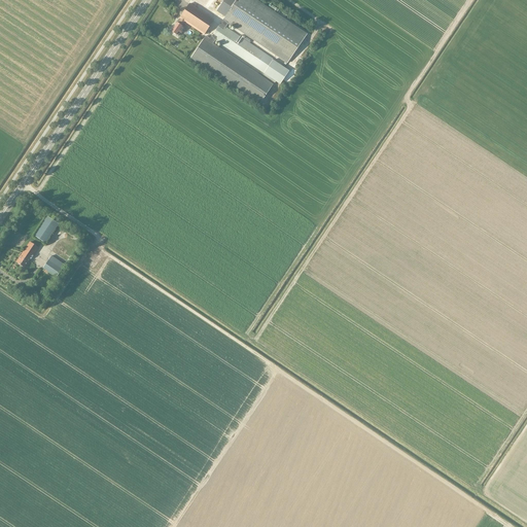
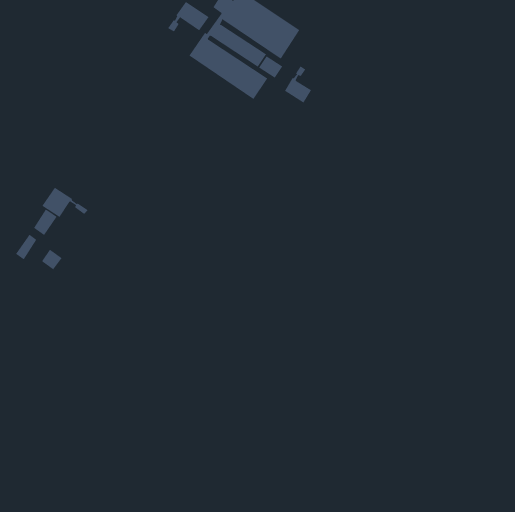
building: none -> [284,65,312,104]
building: none -> [42,187,88,218]

